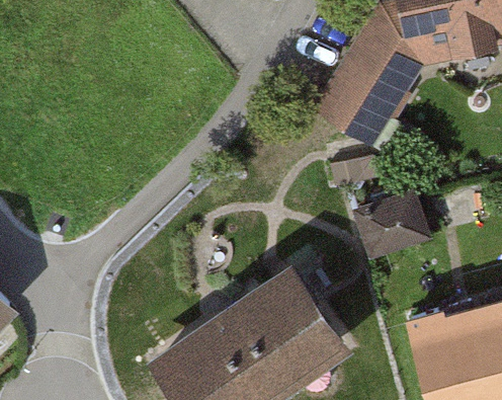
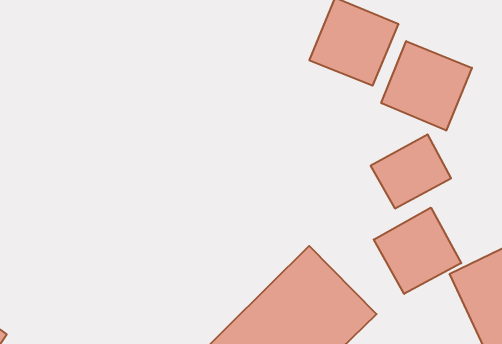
building: none -> [381,41,472,131]
building: none -> [374,208,461,294]

